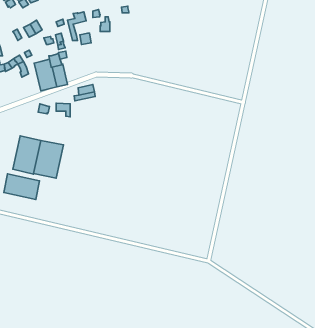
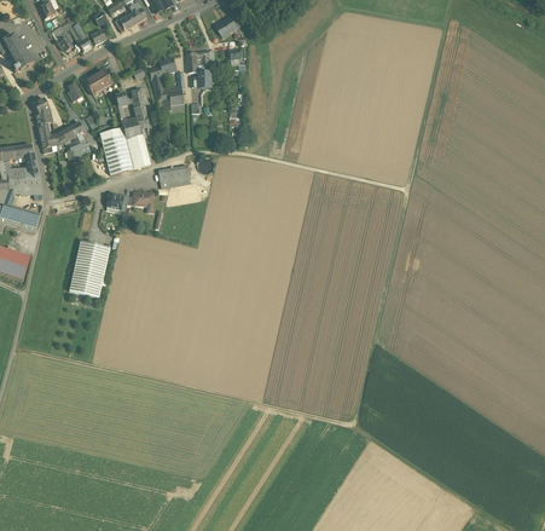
building: [33,140,63,178] -> none
building: [4,174,40,200] -> none

